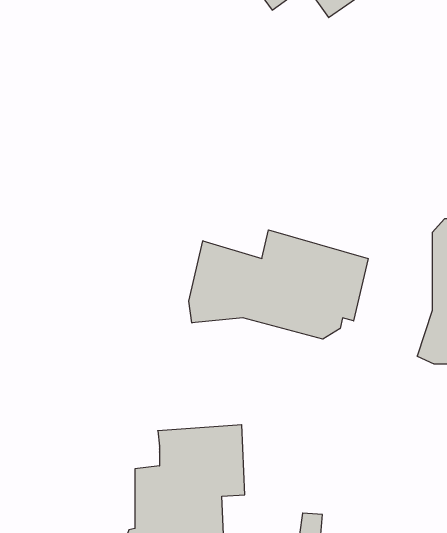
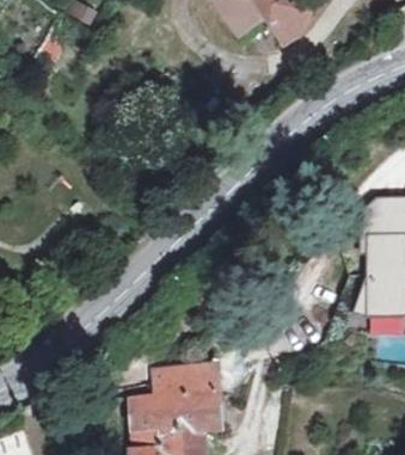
building: [189,230,368,339] -> none

